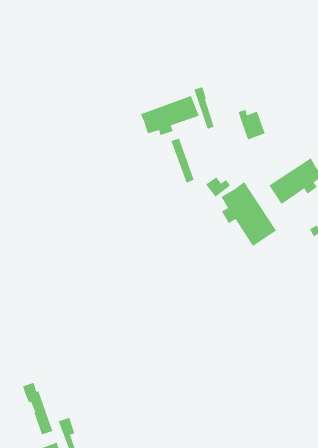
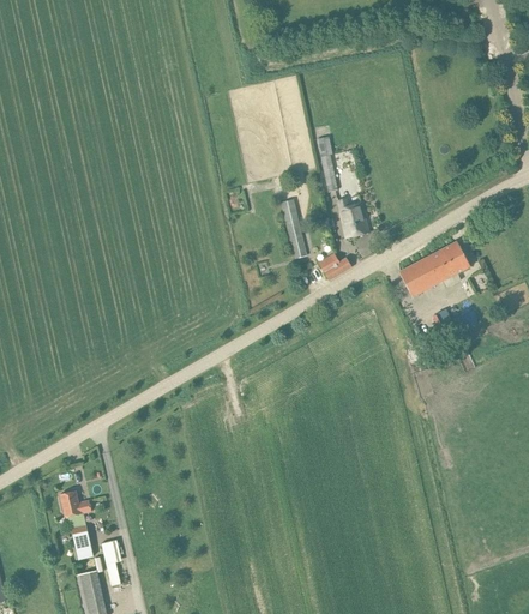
building: [140,95,199,136] -> none
building: [238,109,266,140] -> [337,198,369,237]
building: [221,181,277,247] -> none

